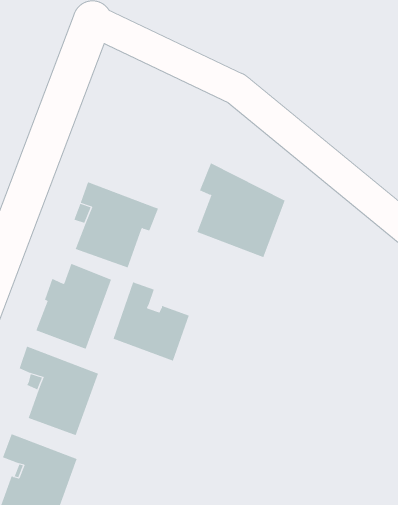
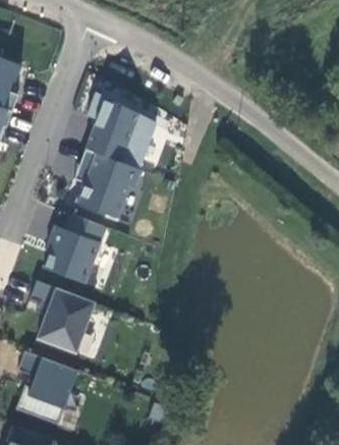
building: [197,162,286,258] -> [86,93,157,169]
building: [113,281,189,362] -> none

